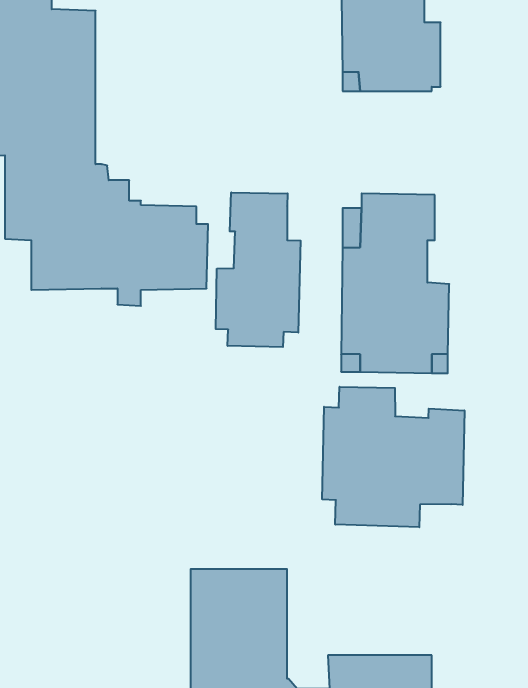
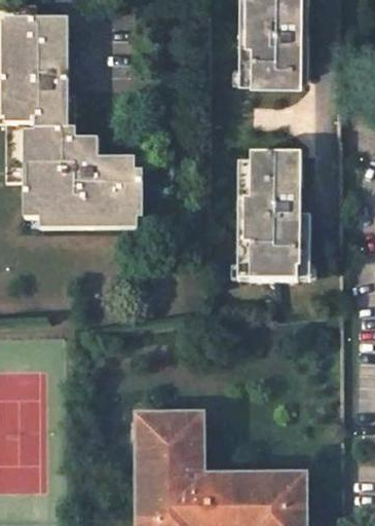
building: [216,192,301,347] -> none
building: [322,387,464,527] -> none

